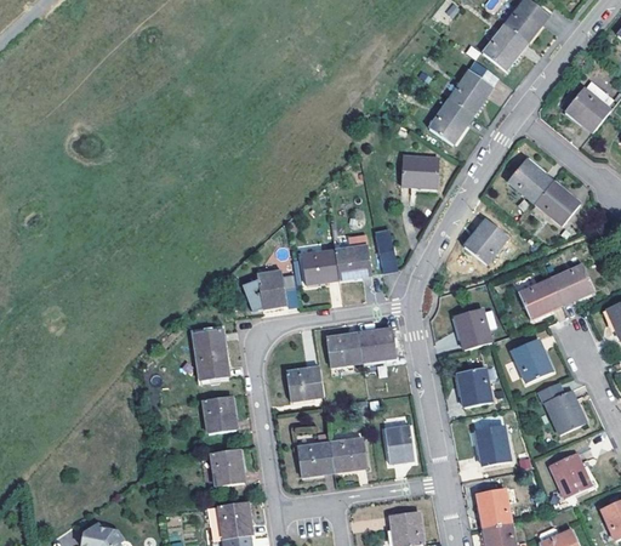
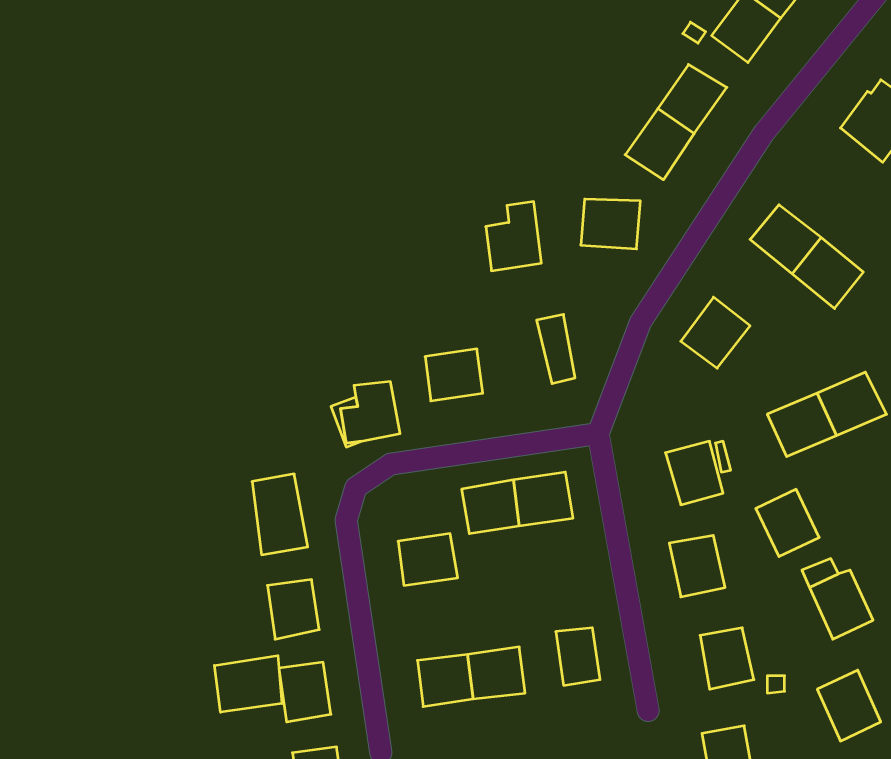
building: [335,234,370,278] -> [486,202,541,271]
building: none -> [214,656,282,712]

